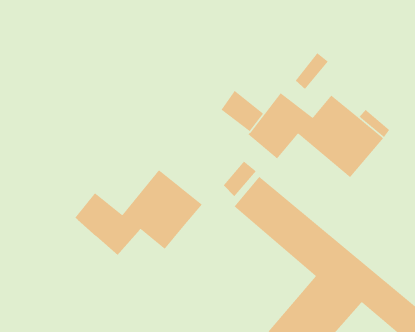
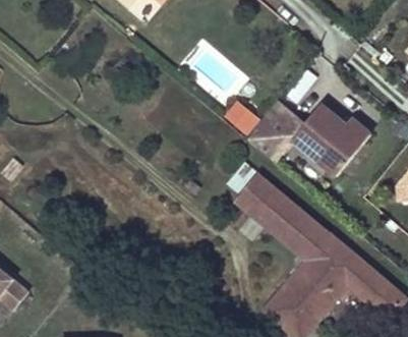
building: [74,169,203,256] -> none

